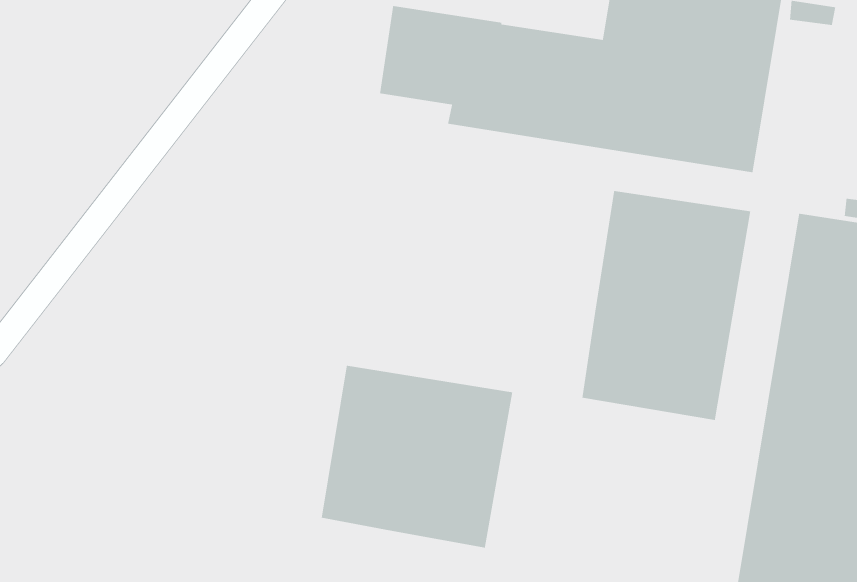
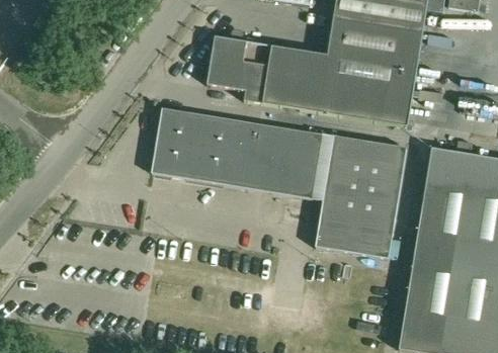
building: none -> [152,106,333,199]
building: [321,365,513,549] -> none

